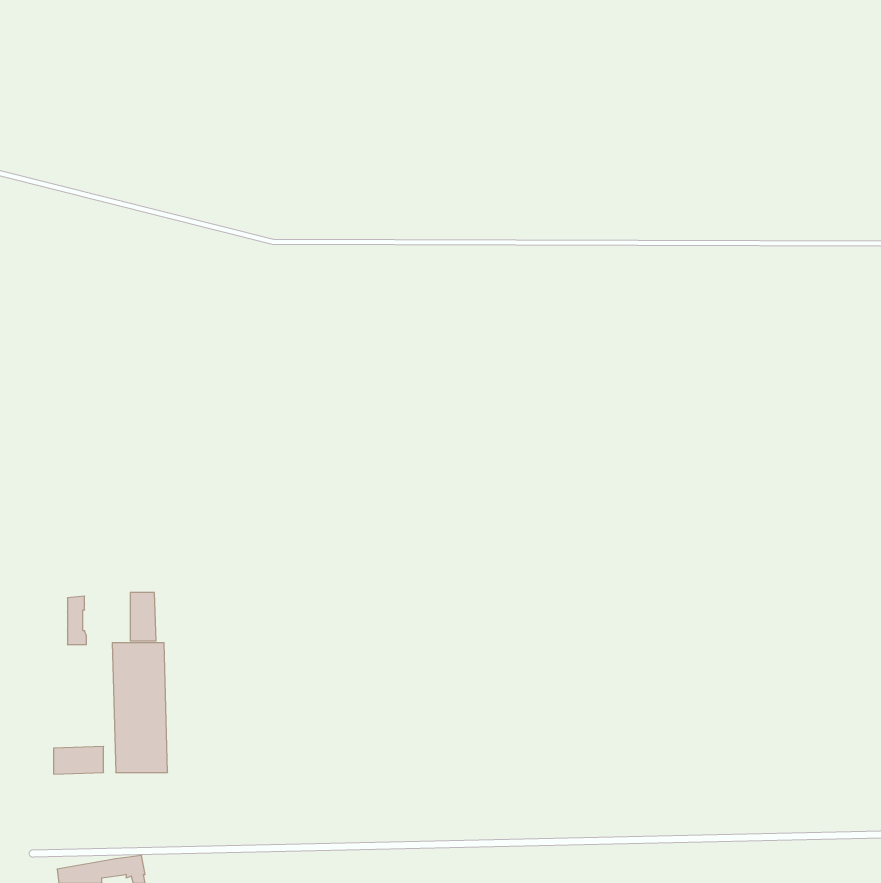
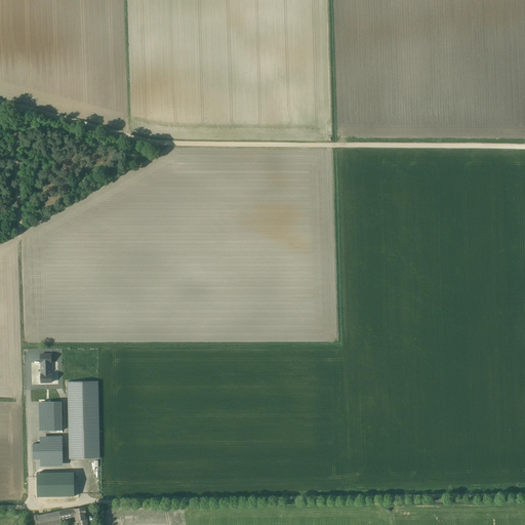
building: [130,593,156,641] -> [46,402,62,431]
building: none -> [36,472,74,496]

